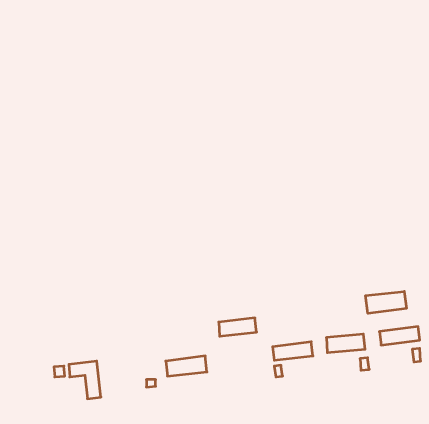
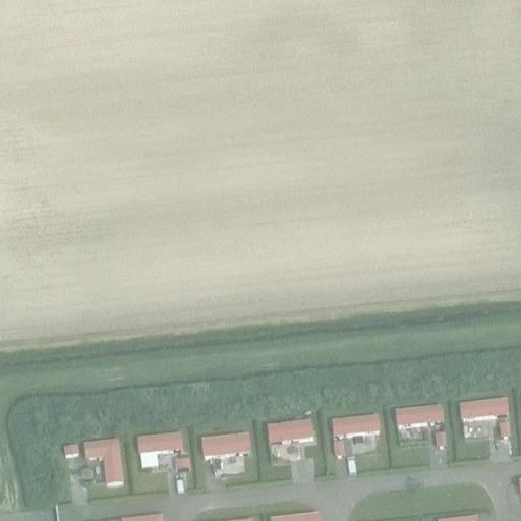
building: [366,291,406,313] -> none
building: [219,318,257,336] -> [268,418,313,441]
building: none -> [137,433,184,454]

